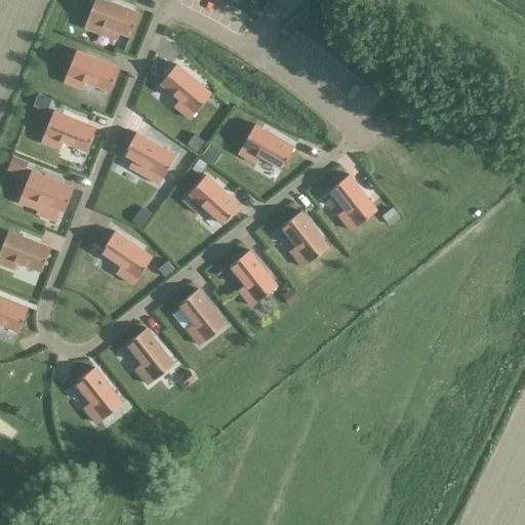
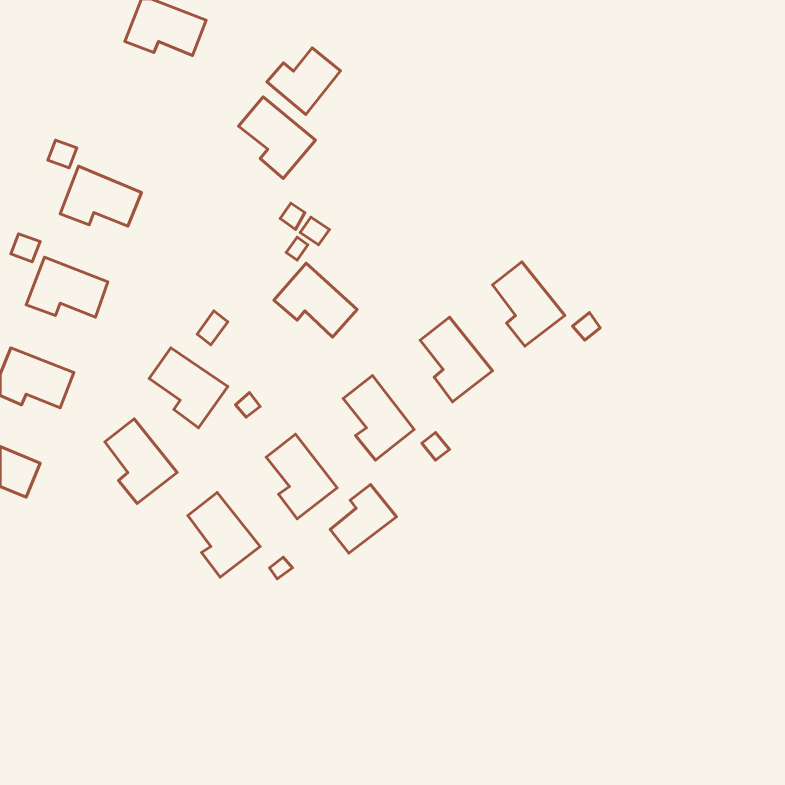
building: none -> [267,48,340,115]
building: [64,51,119,91] -> none
building: [238,125,294,169] -> none
building: [124,132,175,185] -> none
building: none -> [330,485,396,553]
building: [75,367,123,423] -> [105,419,177,503]

